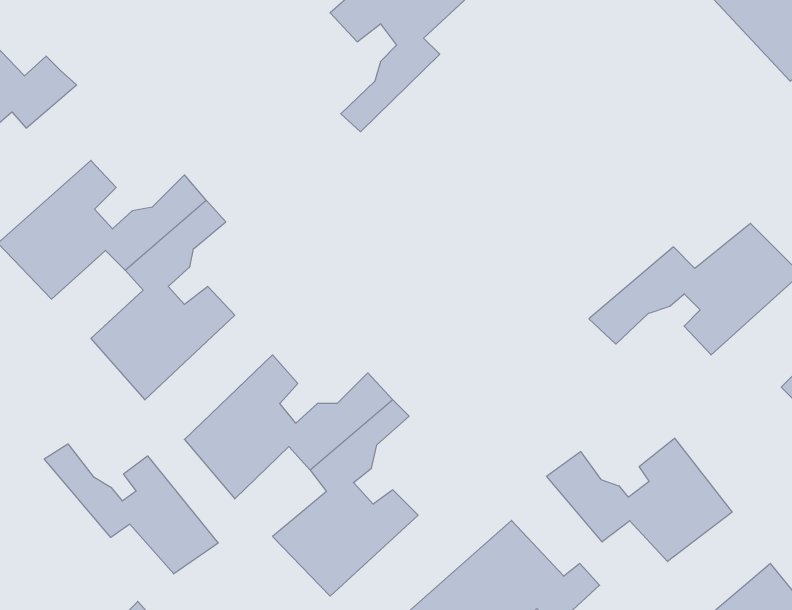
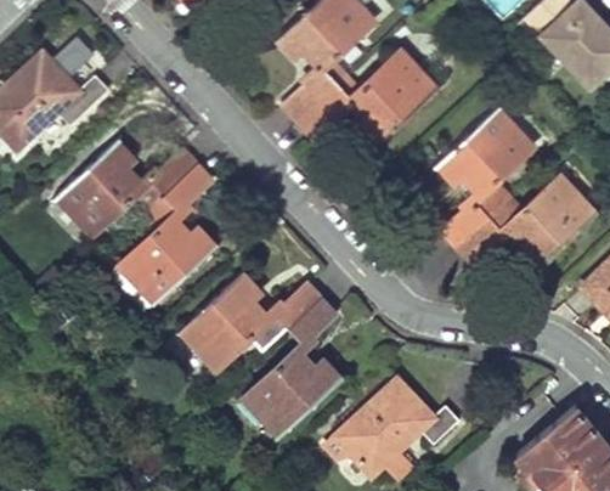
building: none -> [299,51,439,147]
building: none -> [439,108,536,244]
building: [547,438,732,562] -> none
building: [44,444,218,574] -> none

